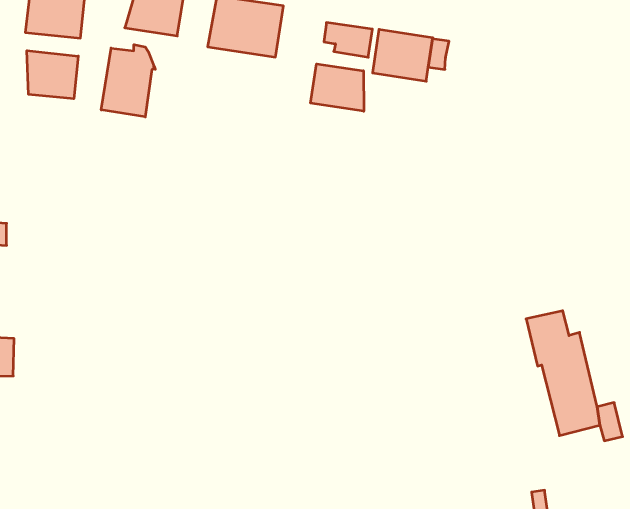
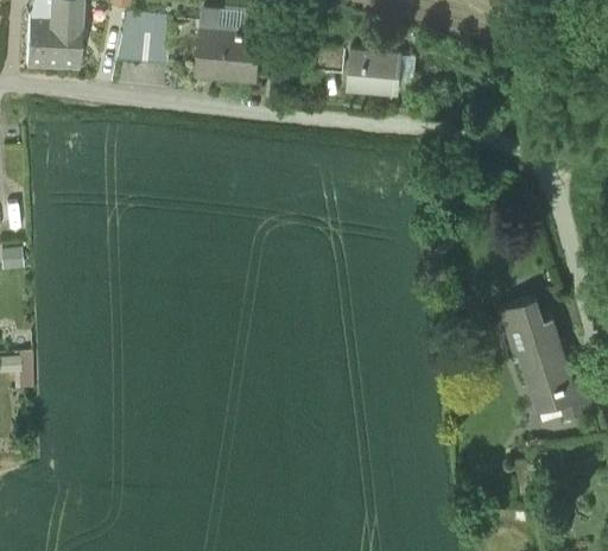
building: [101,45,155,117] -> none
building: [27,51,78,99] -> none
building: [311,64,364,111] -> none

